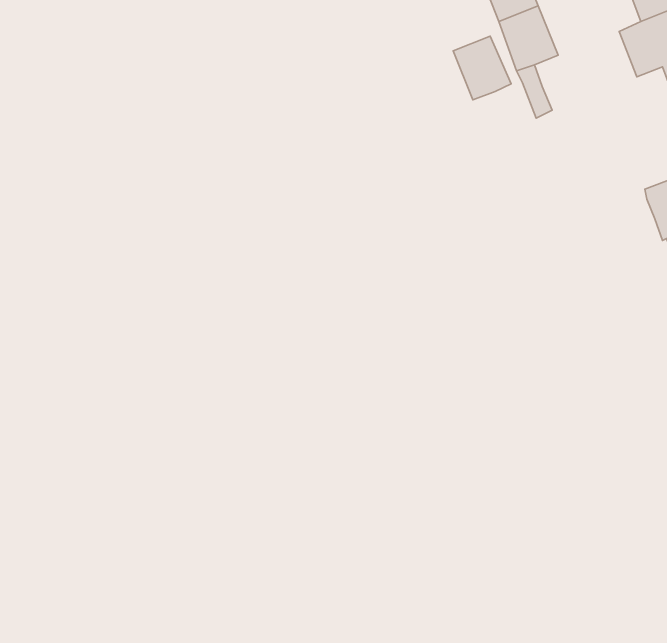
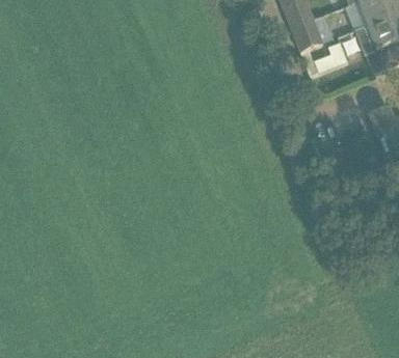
building: [453,36,511,100] -> none

